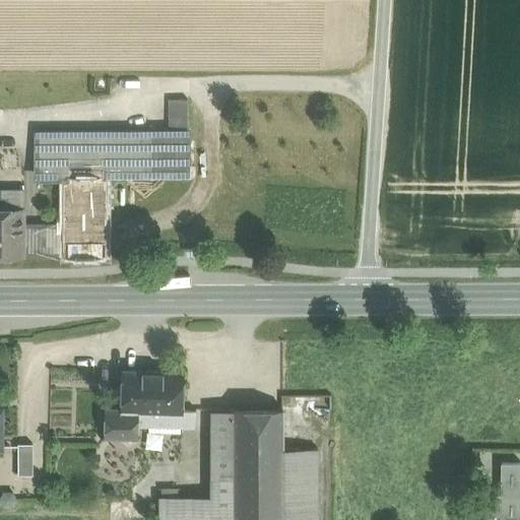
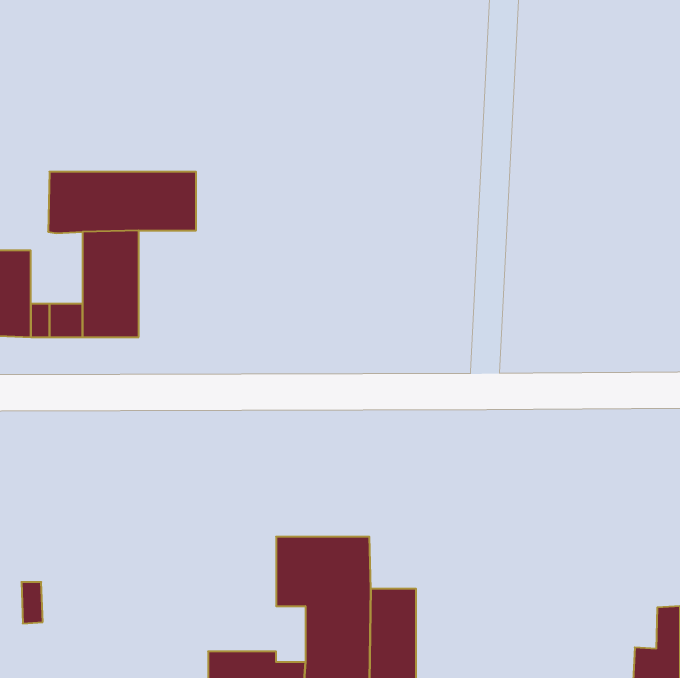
building: [149,106,187,179] -> none
building: [104,372,194,440] -> none
building: [210,464,233,507] -> none

